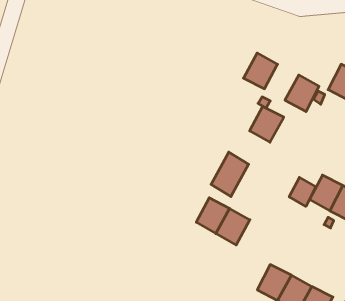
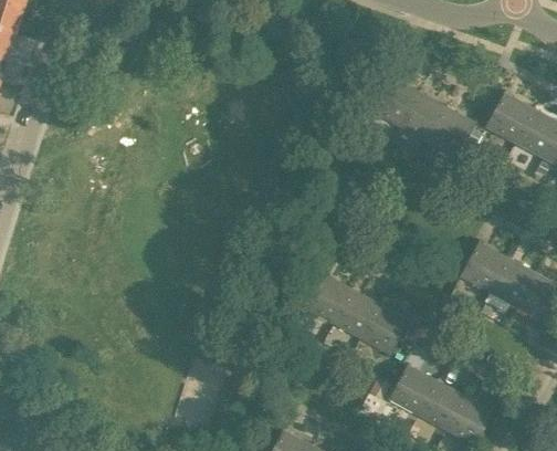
building: [250,106,284,142] -> [398,92,444,140]
building: [211,152,249,197] -> none
building: [289,177,316,206] -> none
building: none -> [359,303,406,353]

